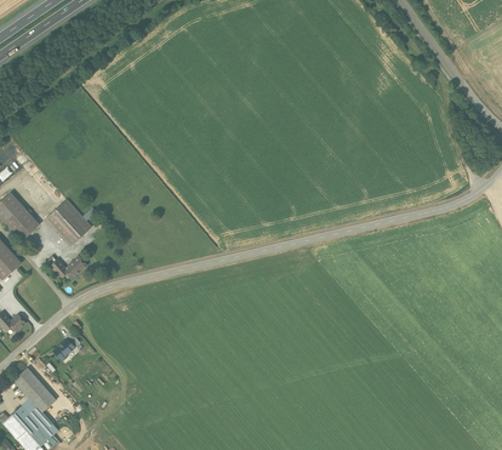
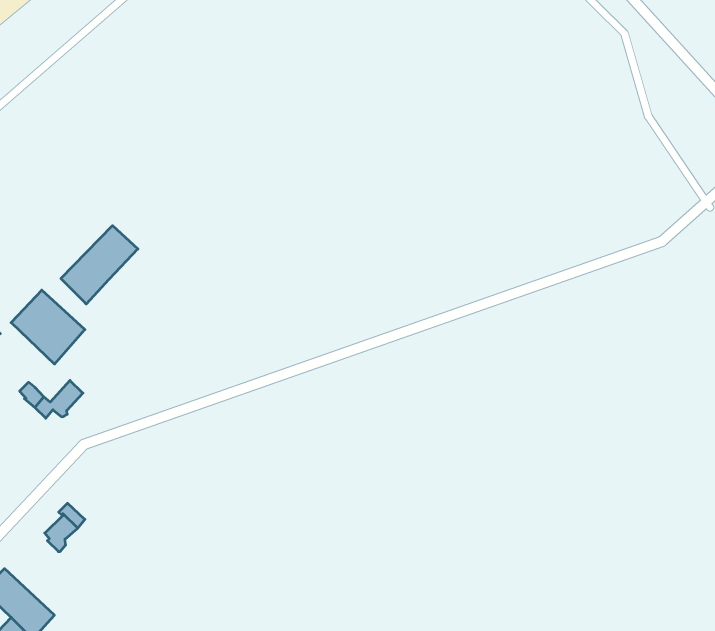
building: none -> [61,226,138,304]

